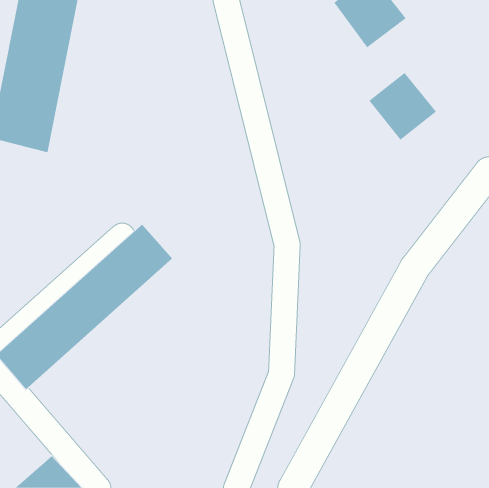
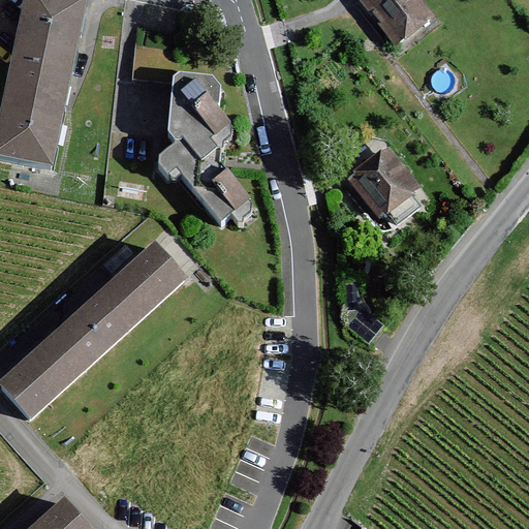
building: [368,72,437,140] -> [350,151,424,224]
building: none -> [158,81,254,235]

